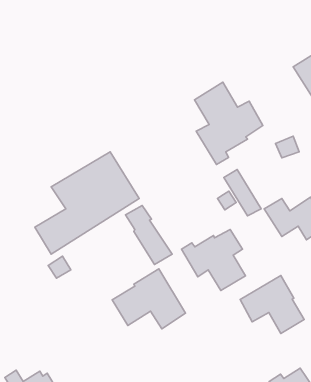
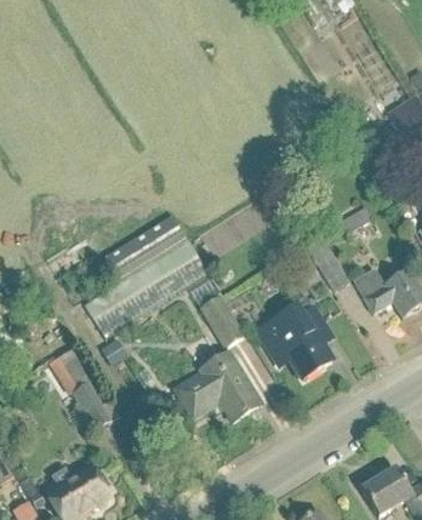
building: [194,82,263,165] -> none
building: none -> [50,348,119,429]
building: [240,275,304,333] -> none

